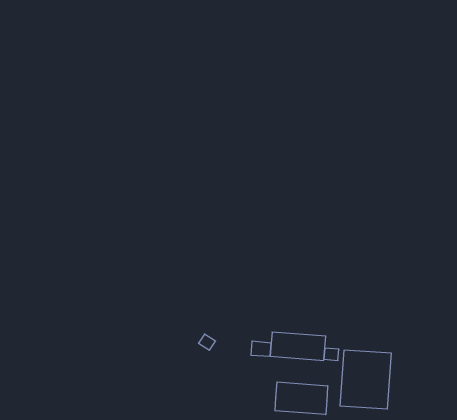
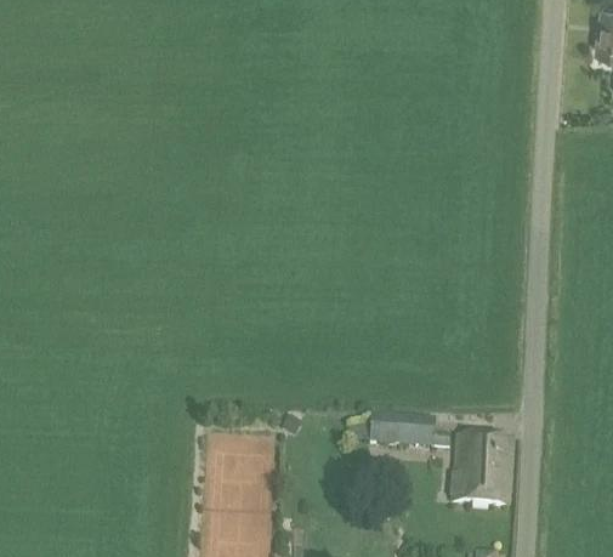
building: [275,382,328,415] -> none

